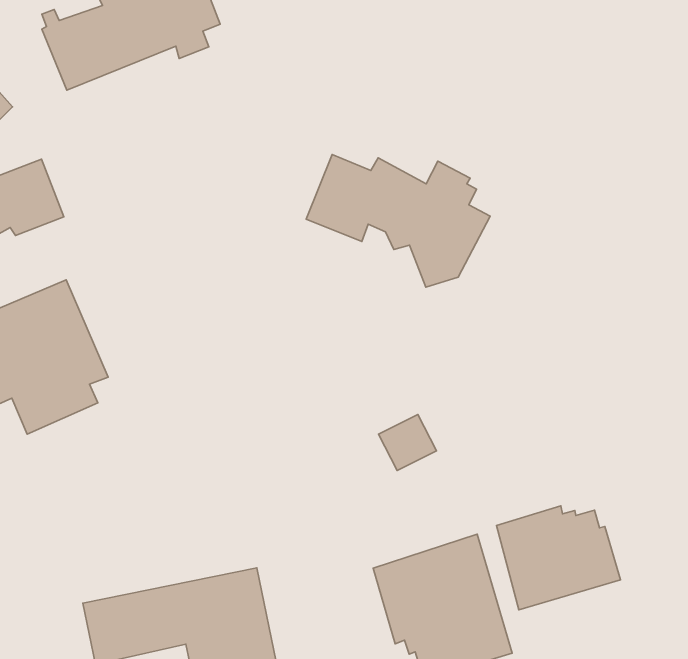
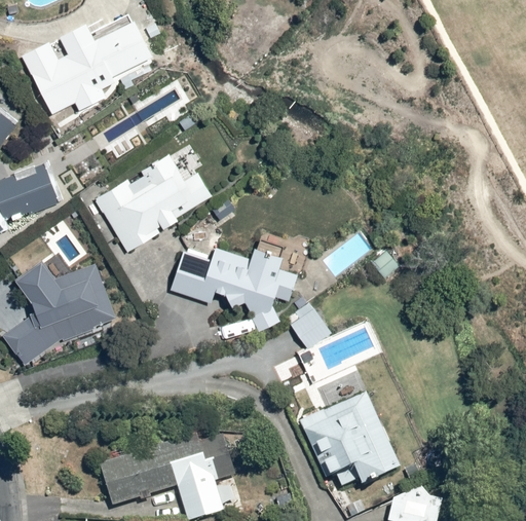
building: [306,155,490,287] -> [171,241,297,329]
building: none -> [91,152,213,251]
building: [496,506,621,610] -> none

